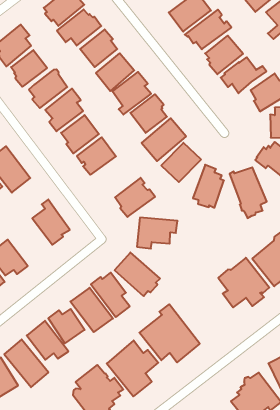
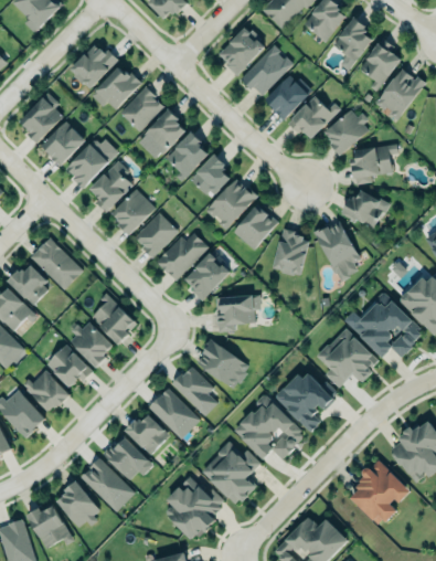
building: none -> [157,232,209,282]
building: none -> [67,322,115,368]
building: none -> [276,370,339,433]

